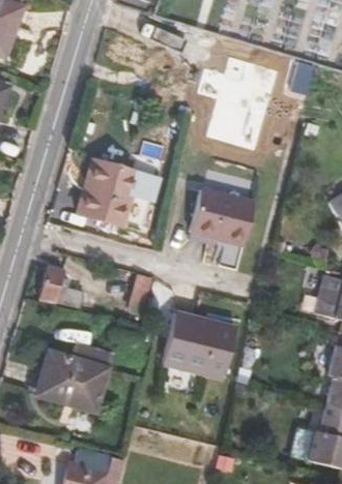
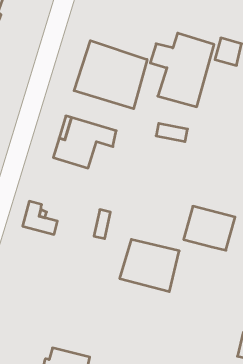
building: none -> [74,41,147,109]
building: [189,190,253,245] -> [184,206,235,250]
building: [36,353,105,414] -> none

